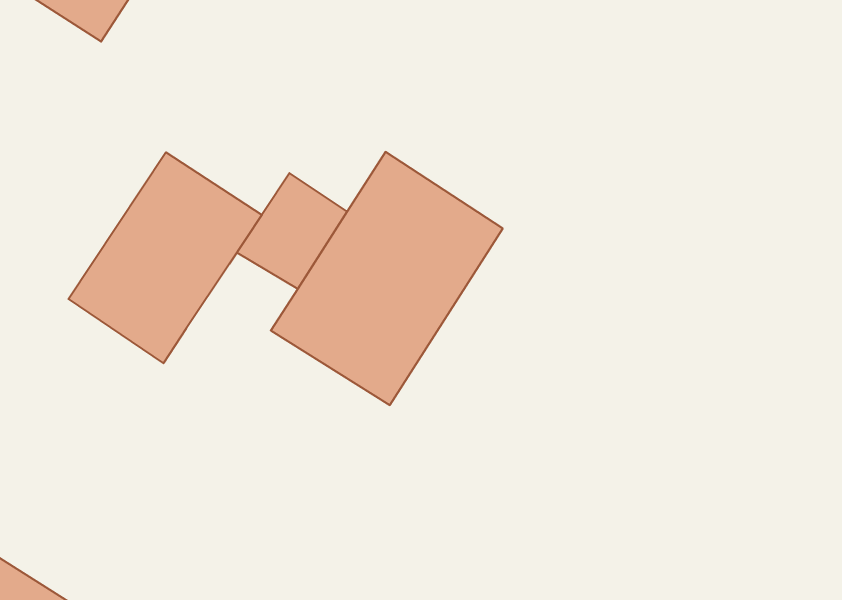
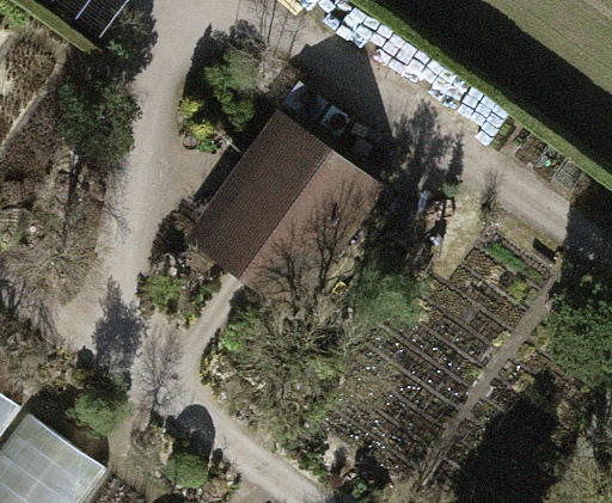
building: [68,152,262,363] -> none

